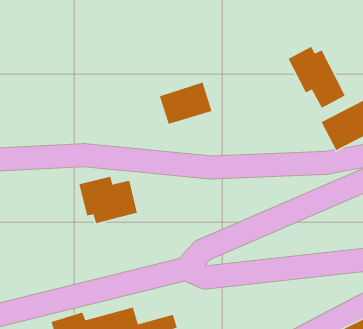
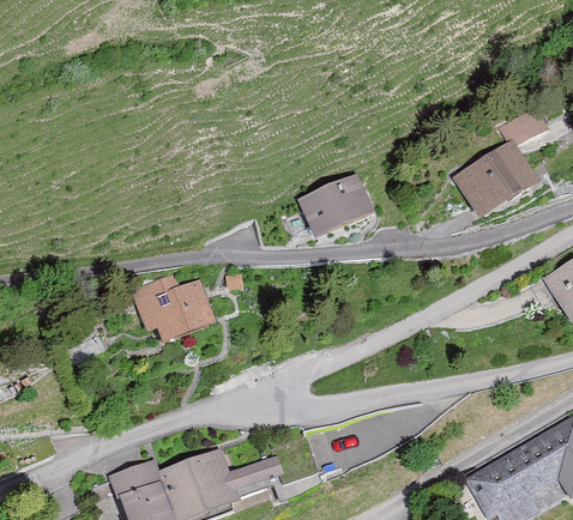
building: [287,46,346,109] -> none
building: [159,82,212,125] -> [298,176,373,238]

